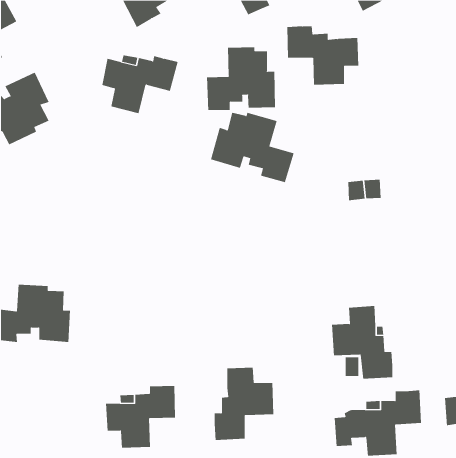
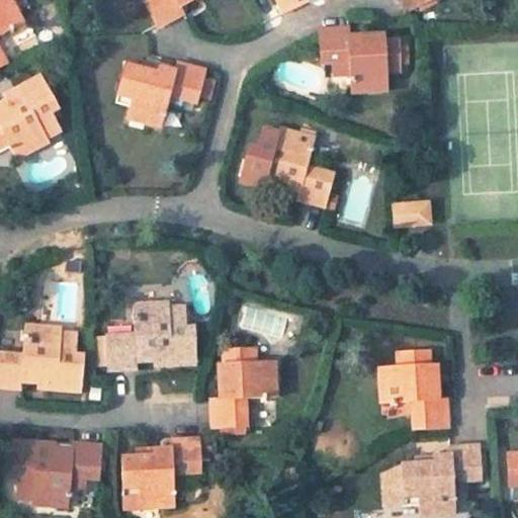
building: [207,46,275,111] -> none
building: none -> [107,300,196,367]
building: [214,367,274,441] -> [211,344,279,427]
building: none -> [13,439,106,506]

